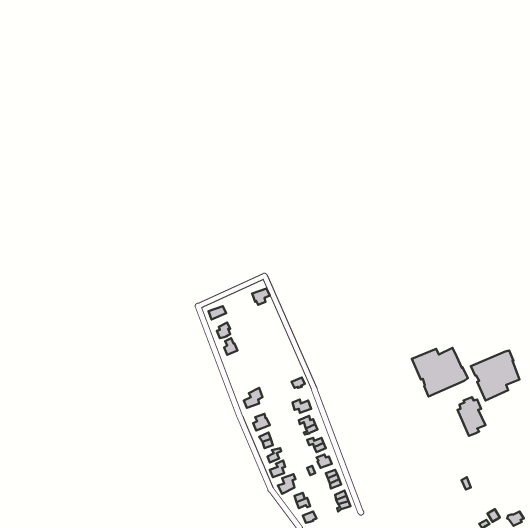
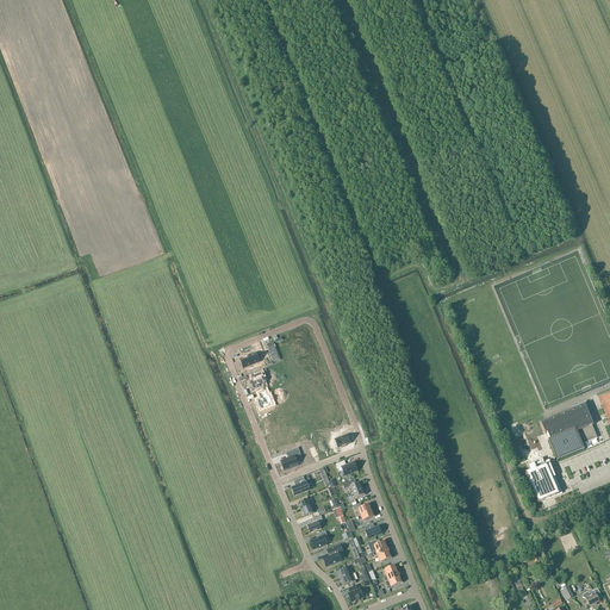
building: [412,348,468,396] -> none

